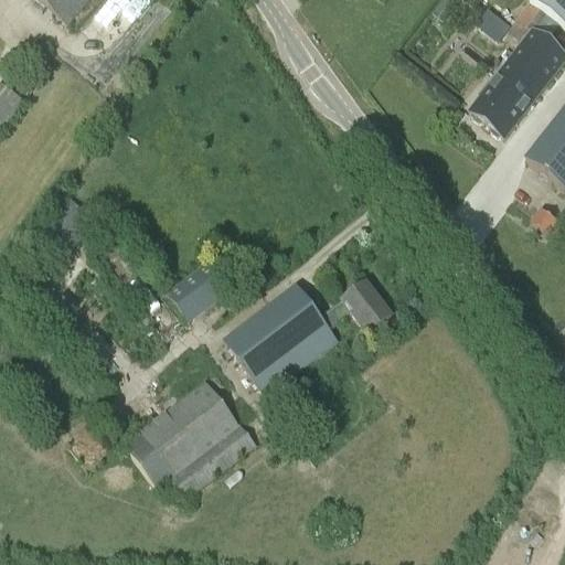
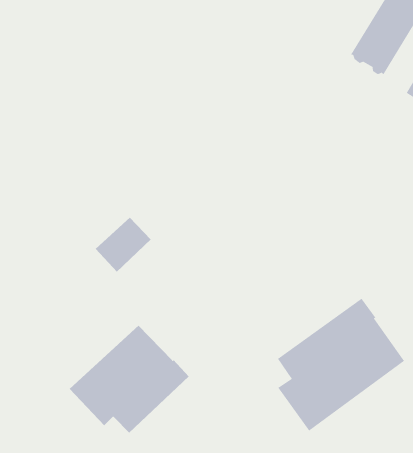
building: [224,280,392,392] -> none
building: none -> [277,298,405,431]

